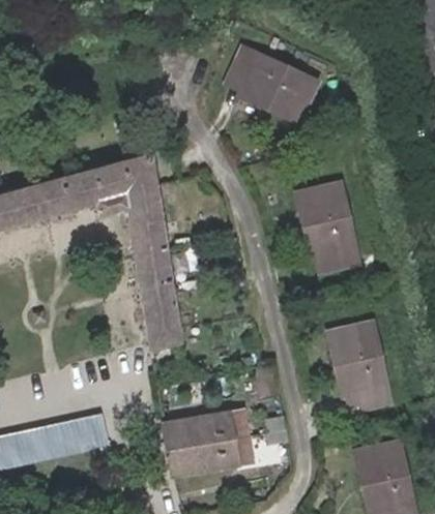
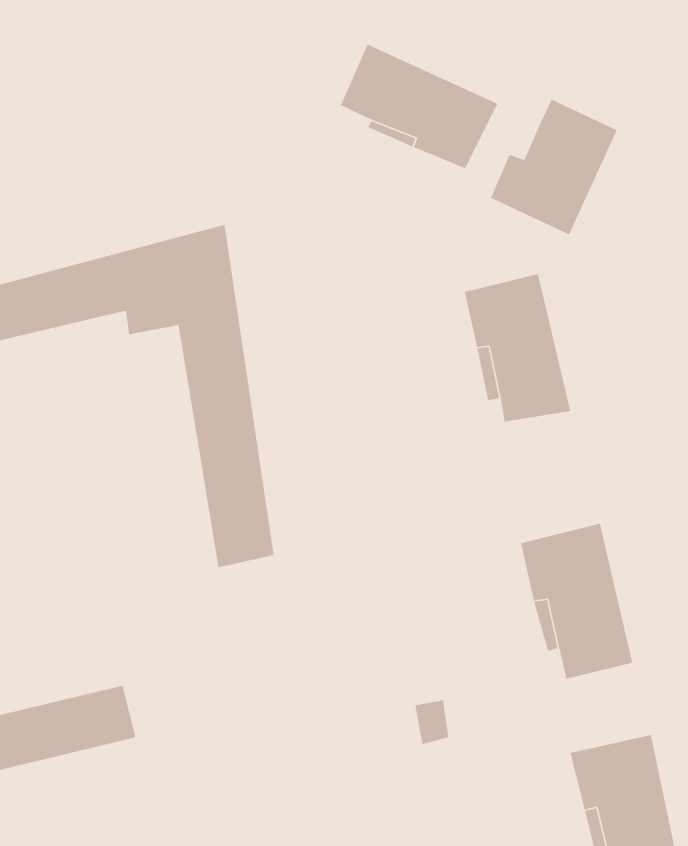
building: none -> [490,98,618,236]
building: [162,413,250,477] -> none

